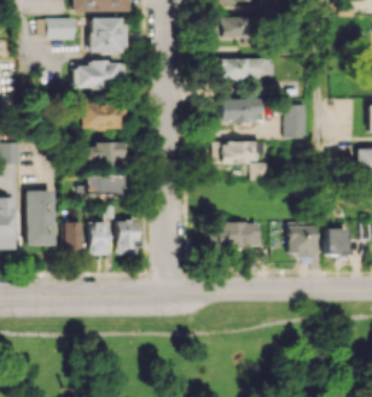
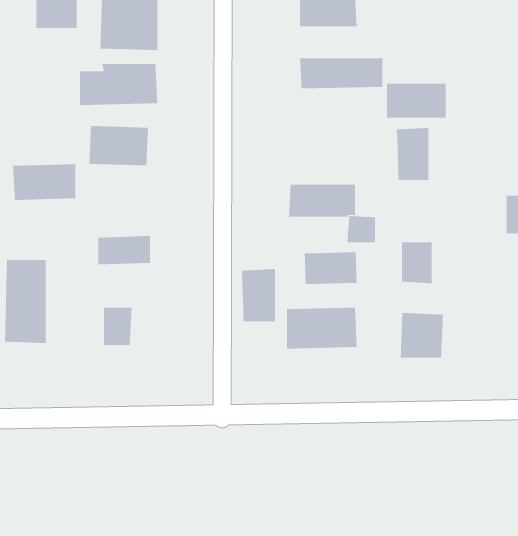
building: [221,99,261,122] -> [386,83,446,118]
building: [83,141,126,165] -> [12,164,76,200]
building: none -> [304,251,357,285]
building: [117,220,140,255] -> [241,269,276,322]
building: [65,221,85,250] -> none
building: [327,228,348,256] -> [401,242,432,284]

